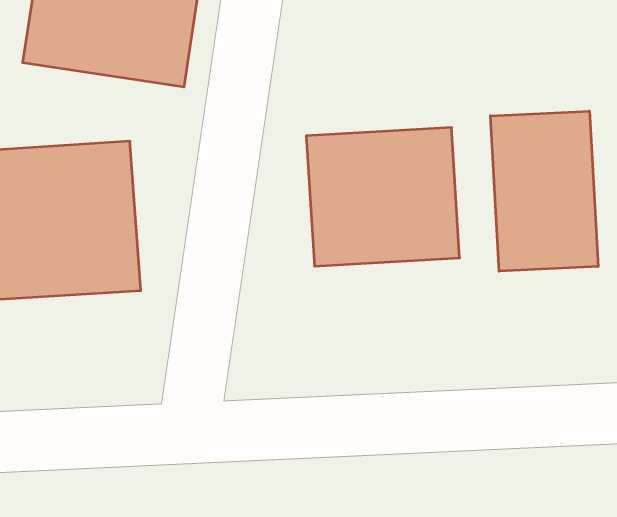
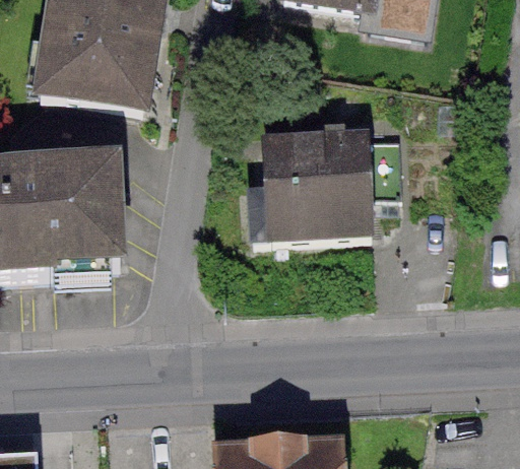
building: [490,111,598,271] -> none

